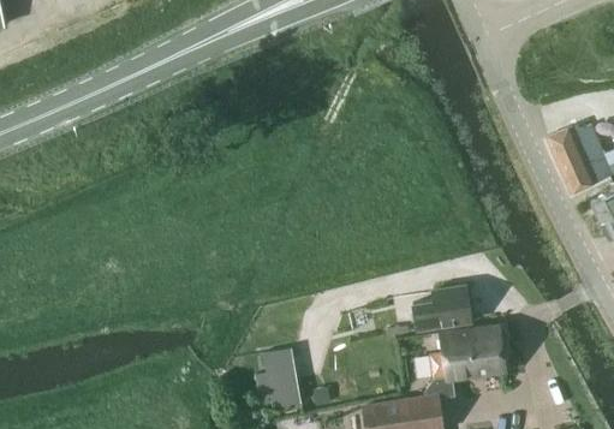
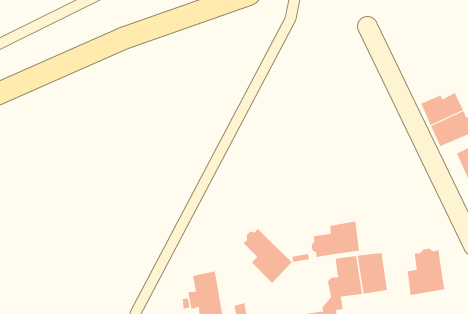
building: none -> [243,228,292,284]
building: none -> [407,248,445,296]

